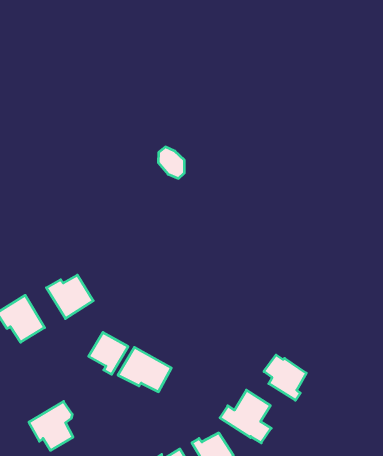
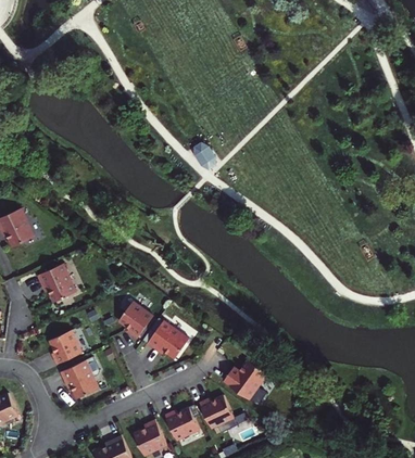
building: [46,275,93,319] -> none
building: [264,355,306,400] -> none
building: none -> [48,330,80,365]

